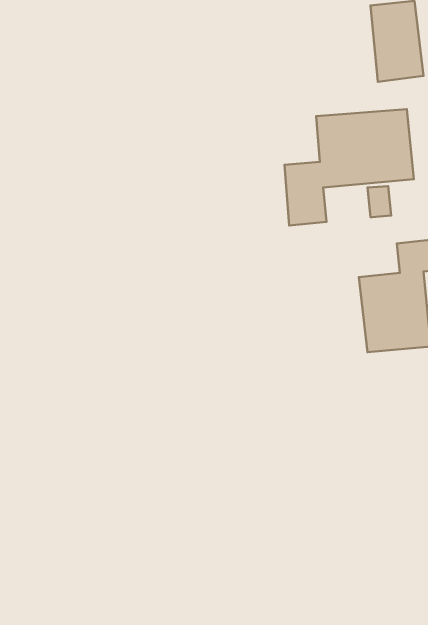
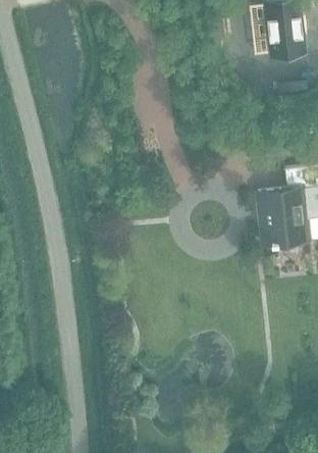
building: [284,109,414,225] -> none

